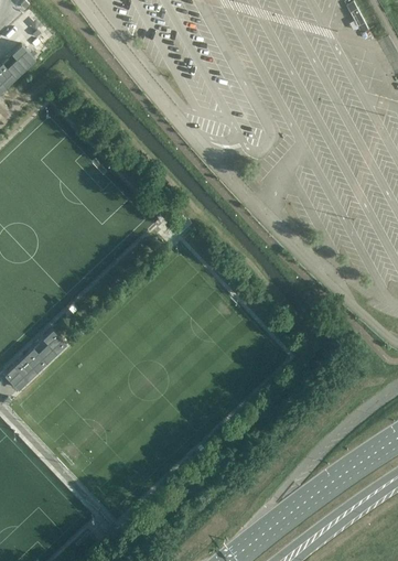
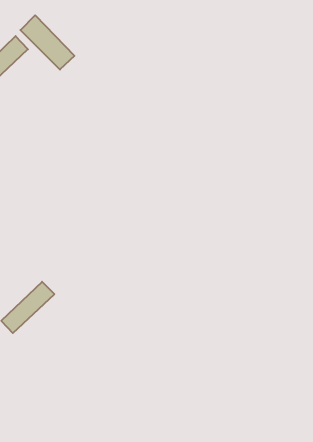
building: none -> [20,15,74,70]

